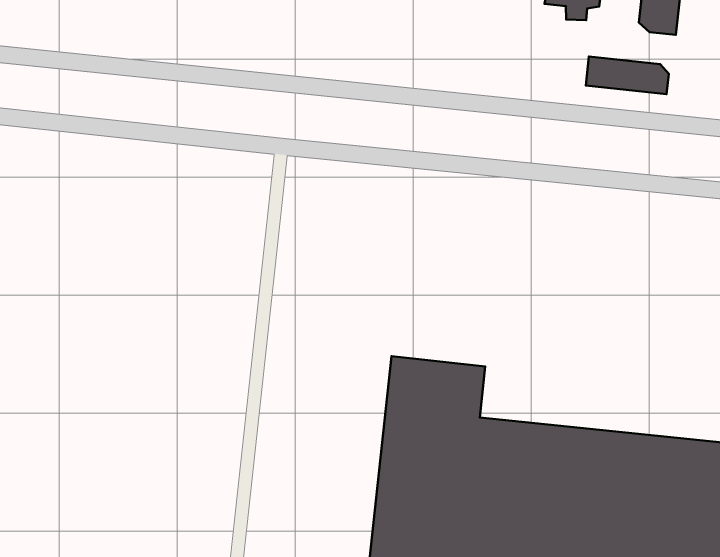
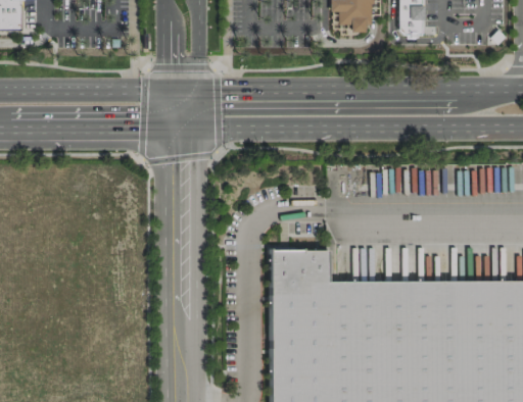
building: [586,56,669,94] -> none

